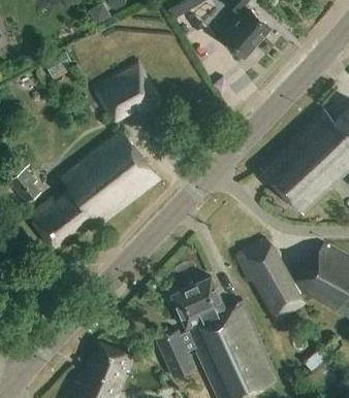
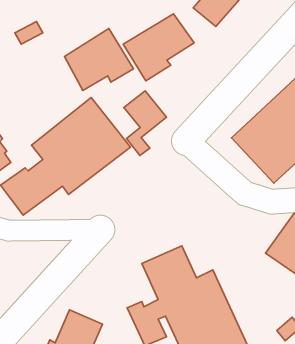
building: none -> [123,14,194,81]
building: none -> [124,91,167,156]
building: [237,239,306,322] -> none

